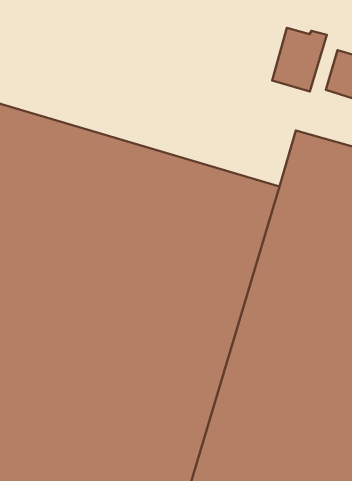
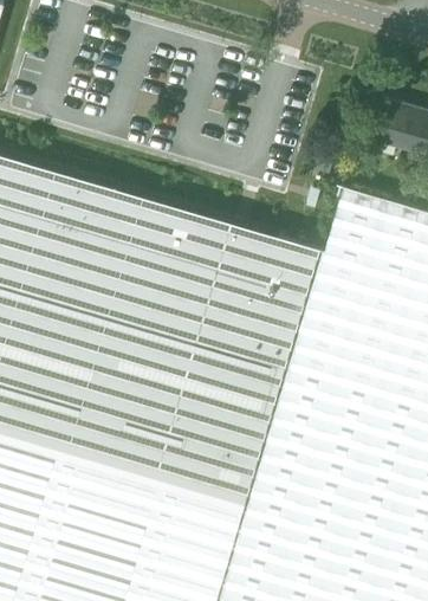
building: [272,28,327,92] -> none

